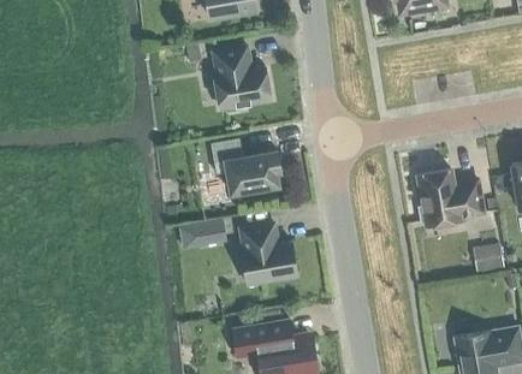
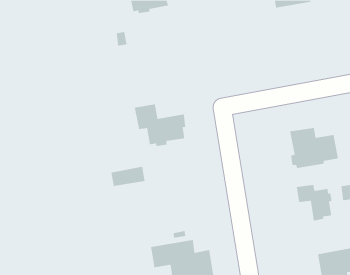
building: [213,48,269,112] -> none
building: [239,224,297,285] -> none
building: none -> [296,184,332,221]

